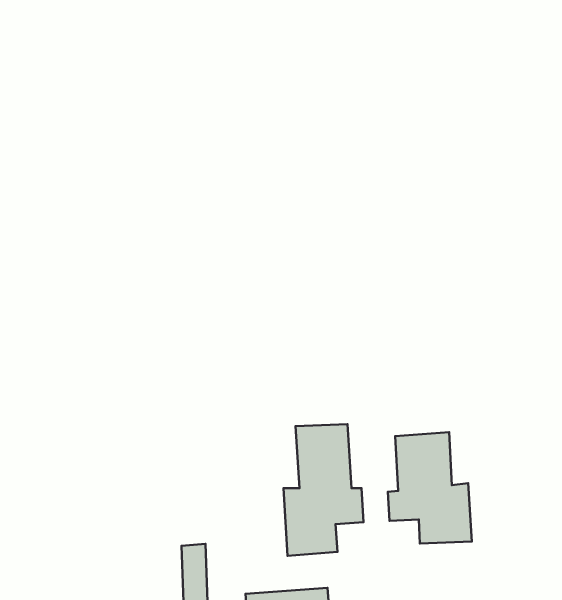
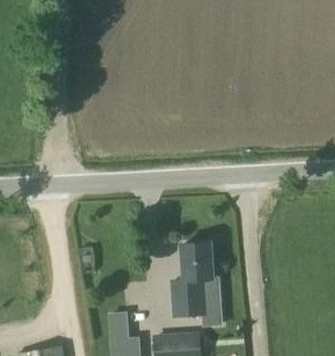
building: [388,432,472,543] -> none

